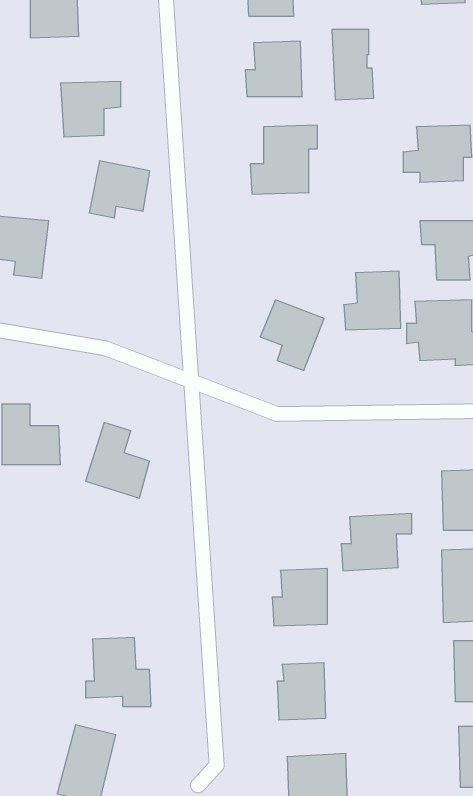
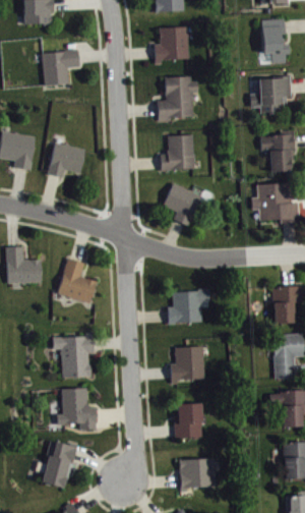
building: [332,29,374,100] -> [261,19,287,62]
building: [89,161,150,218] -> [48,142,84,177]
building: [344,271,401,330] -> [160,134,194,170]
building: [341,514,412,571] -> [167,289,209,324]
building: none -> [52,336,94,378]

